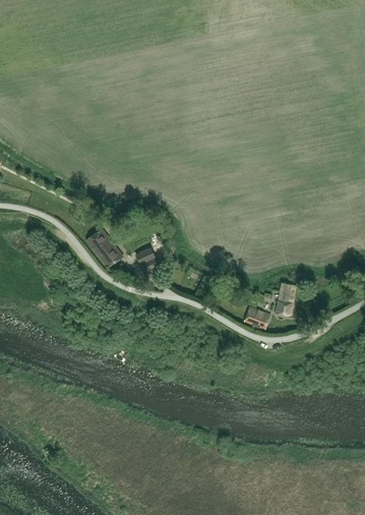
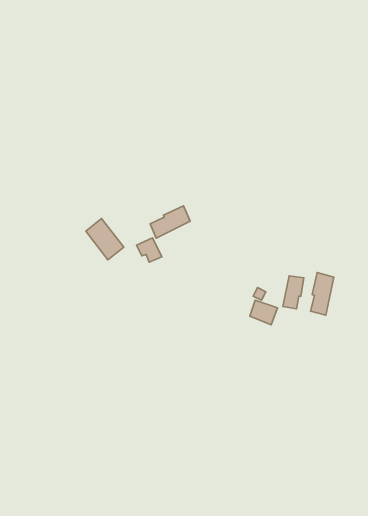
building: none -> [150,206,190,238]
building: none -> [311,272,334,315]

